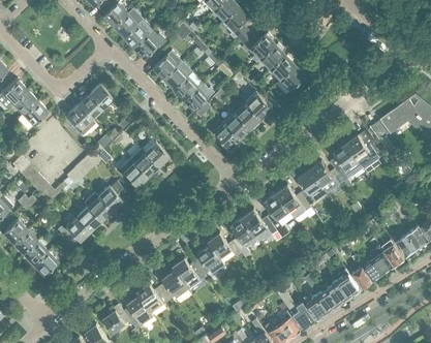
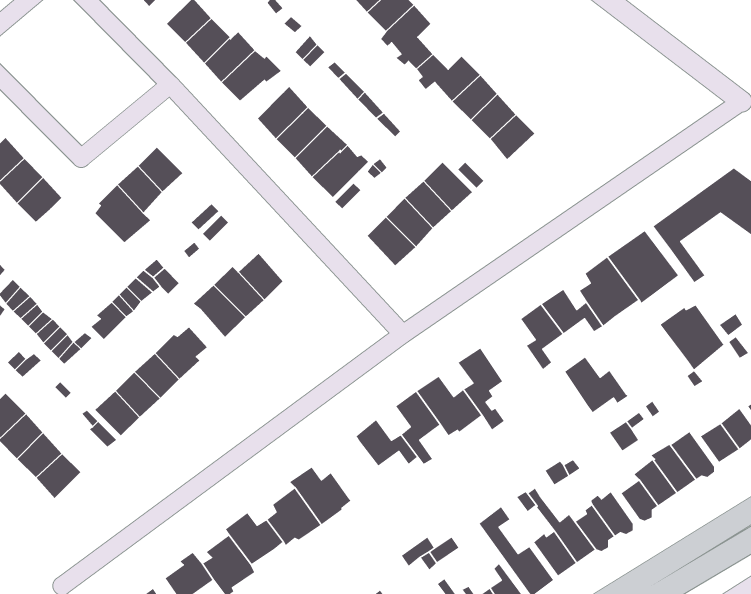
building: none -> [659,304,725,370]
building: [276,185,311,216] -> [564,356,629,413]
building: [194,245,223,276] -> none

